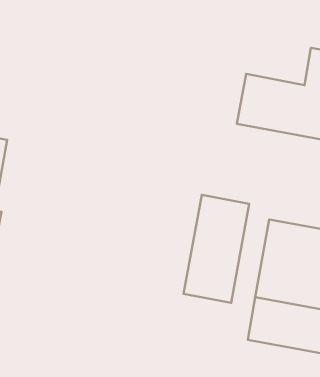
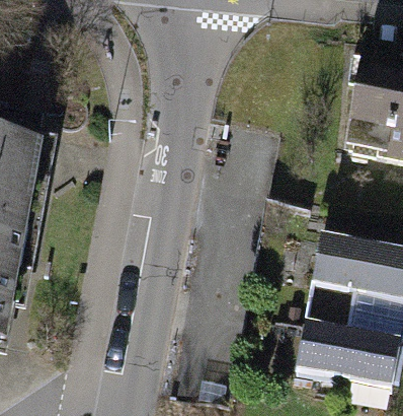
building: [184,195,249,303] -> none

